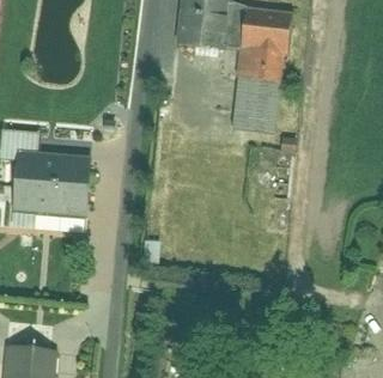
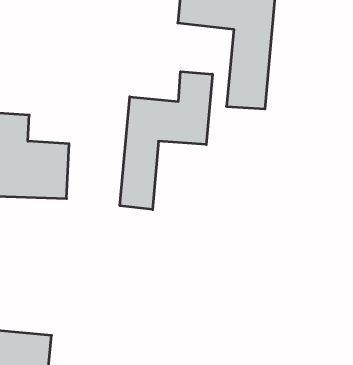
building: none -> [120,72,212,210]

